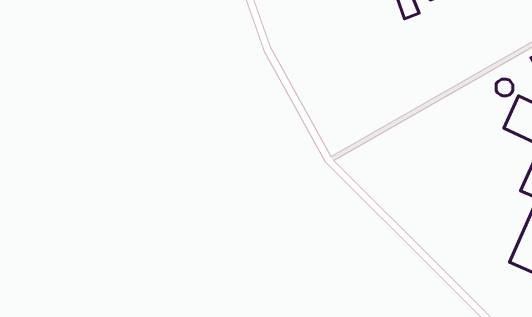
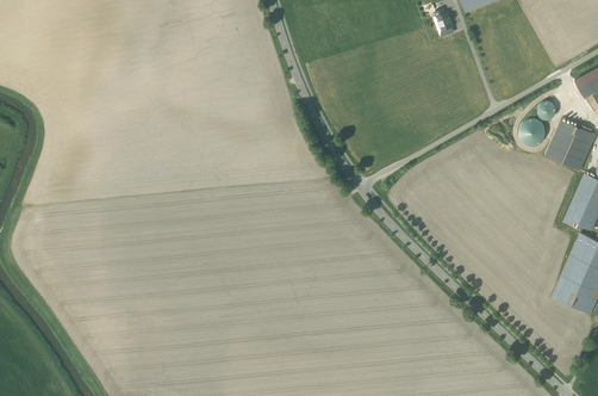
building: none -> [518,118,544,144]

